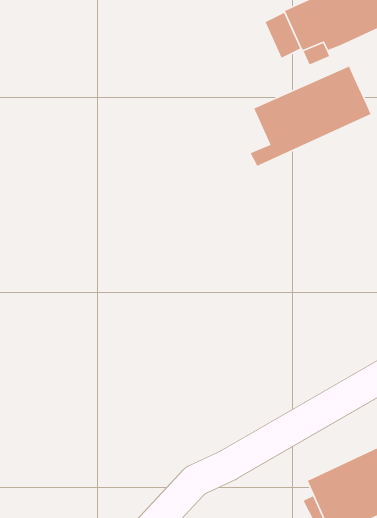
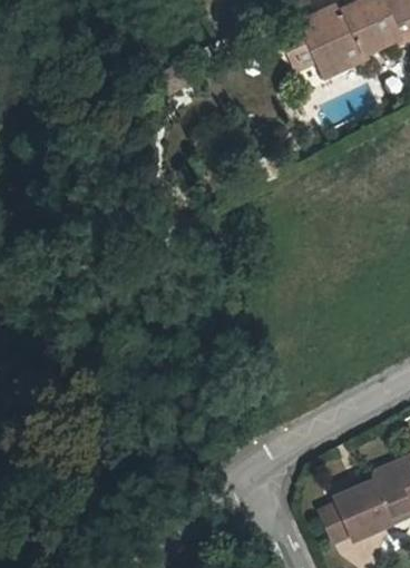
building: [249,66,371,167] -> none

